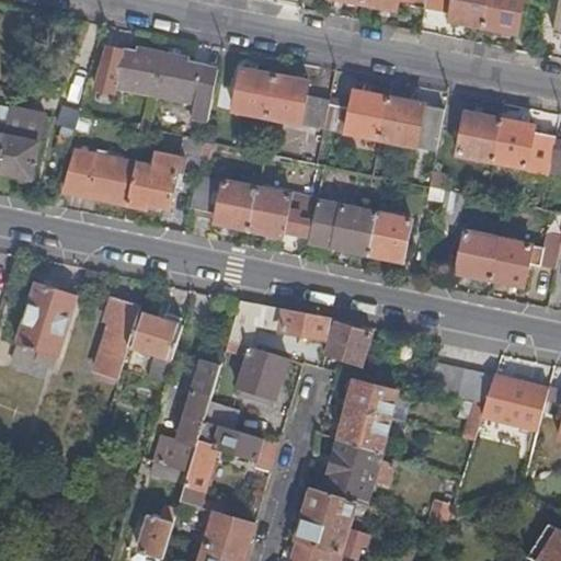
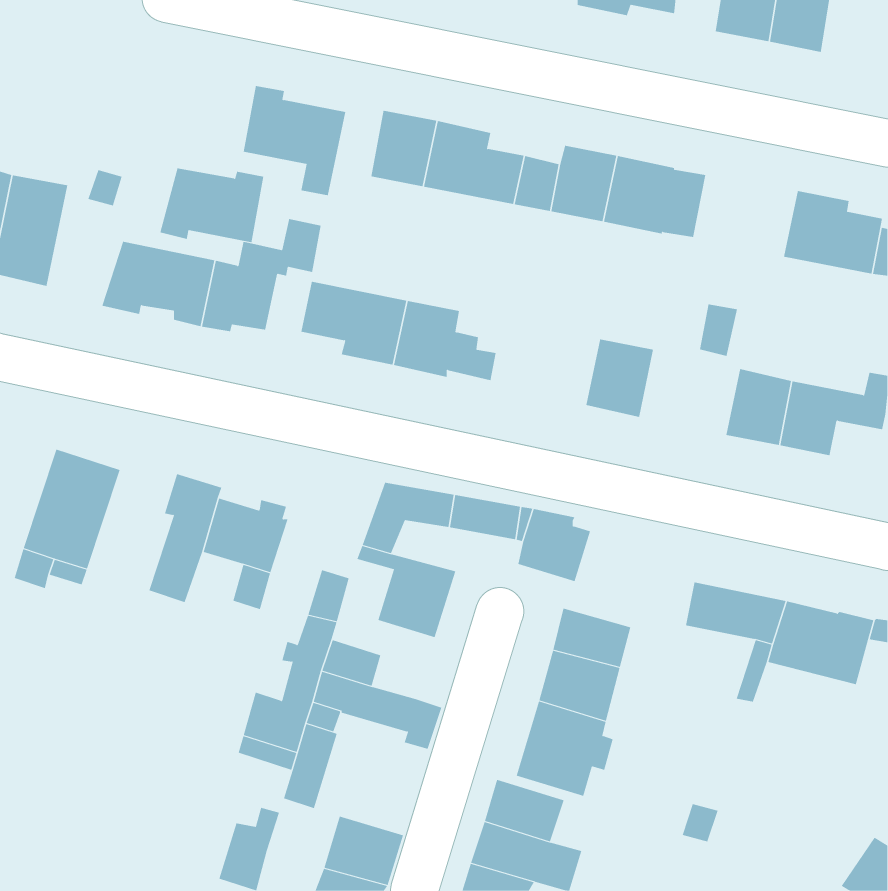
building: [94,48,160,95] -> [159,168,264,243]
building: [455,113,500,161] -> none
building: [307,201,376,254] -> none

